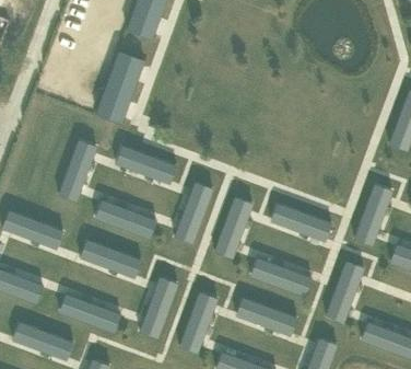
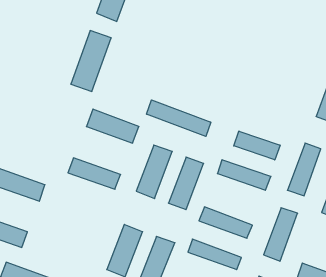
building: none -> [147,100,211,136]
building: [59,138,98,200] -> none
building: none -> [234,131,280,160]
building: [83,241,144,280] -> none
building: [62,297,124,335] -> none

